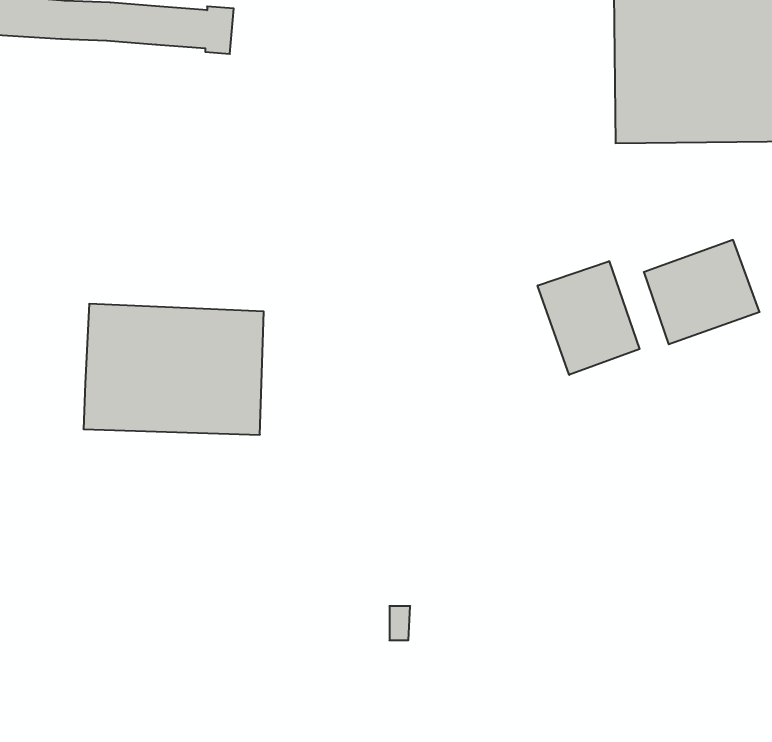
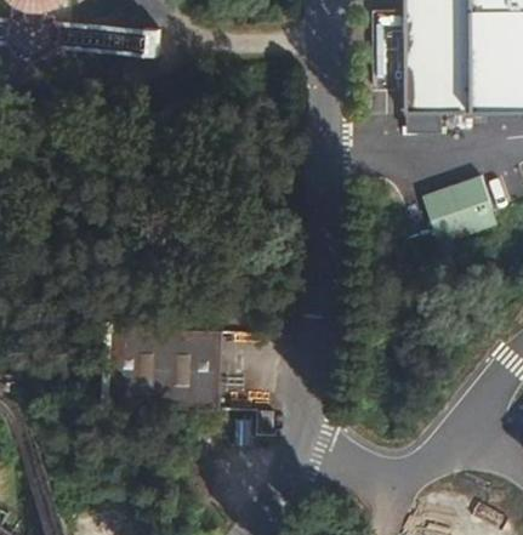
building: [538,261,640,375] -> none
building: [83,304,264,435] -> [107,324,222,408]

